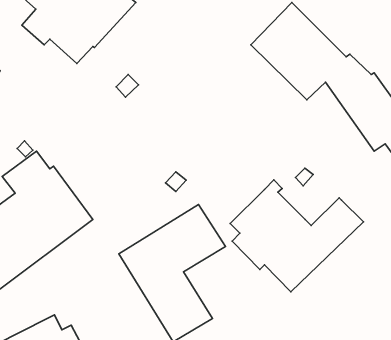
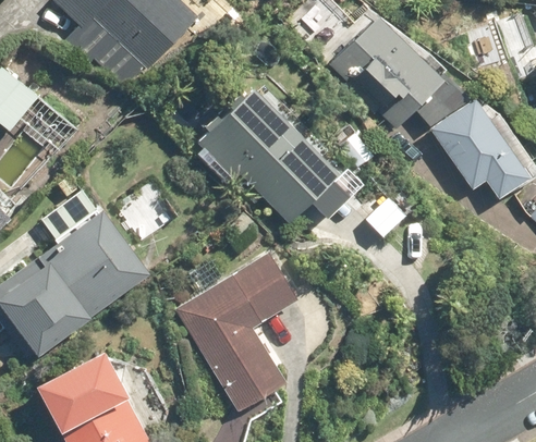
building: none -> [197,91,337,223]
building: [230,180,364,292] -> none

